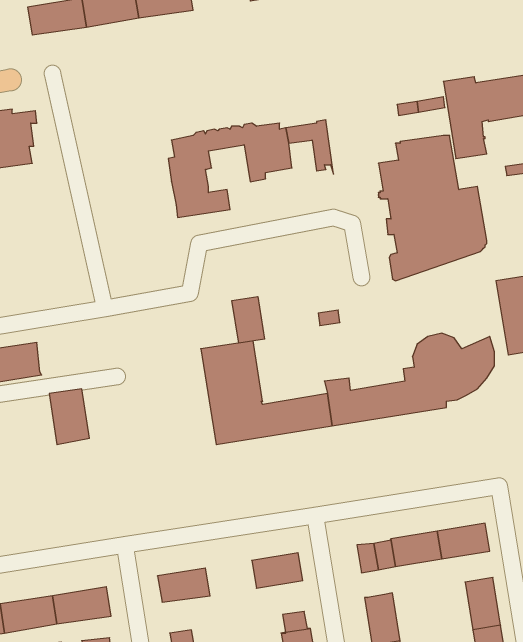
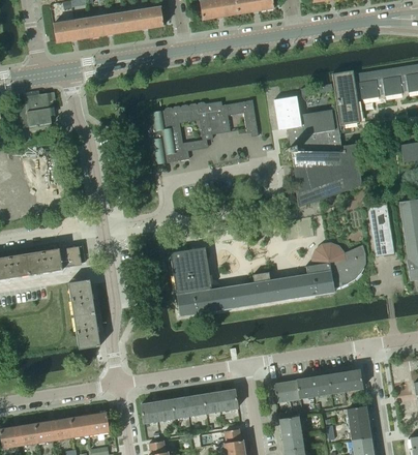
building: none -> [274,96,302,130]
building: [232,297,265,343] -> none
building: none -> [60,243,86,268]
building: none -> [73,312,100,350]
building: none -> [173,394,207,418]

